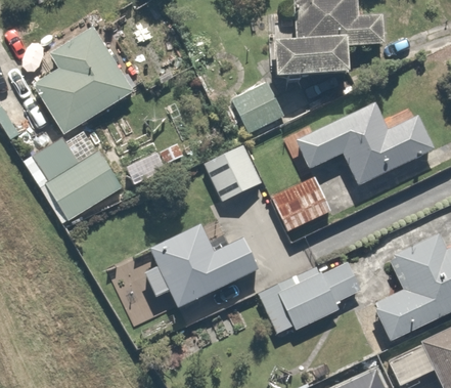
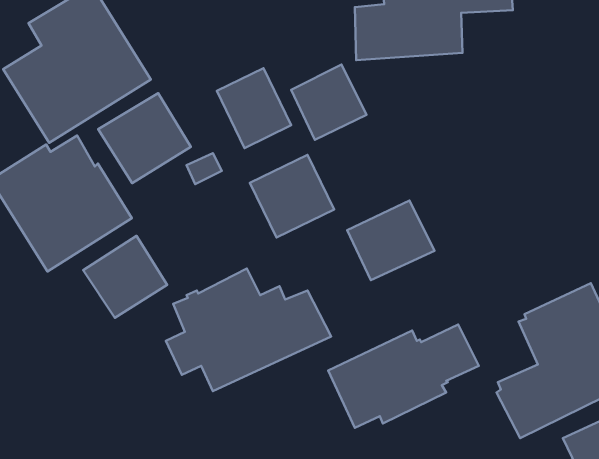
building: none -> [217,68,291,148]
building: [295,101,436,186] -> none
building: none -> [98,93,191,183]
building: none -> [83,236,167,318]

